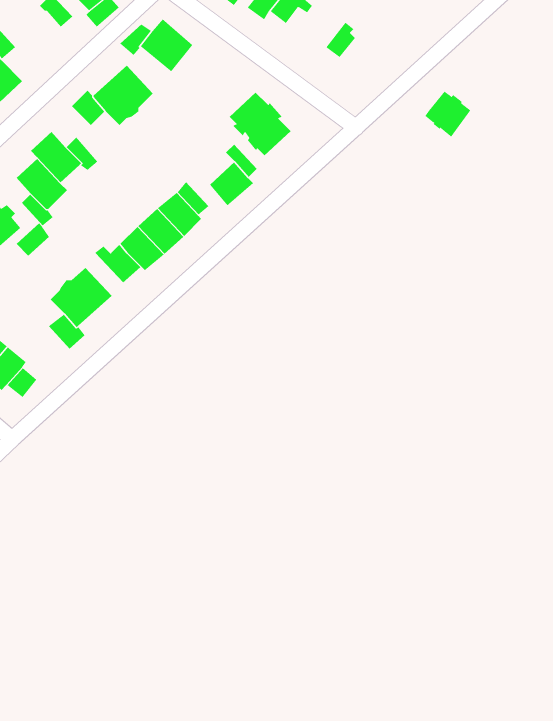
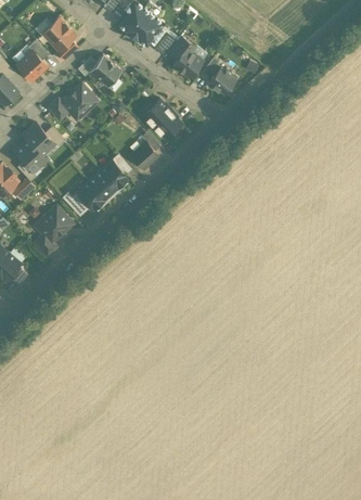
building: none -> [172,49,202,78]
building: none -> [16,51,47,81]
building: [425,91,471,137] -> [208,67,236,95]

